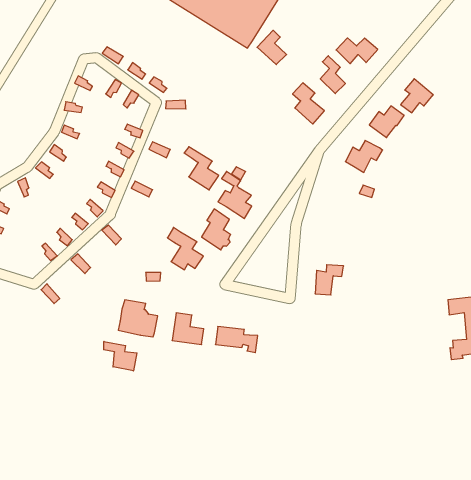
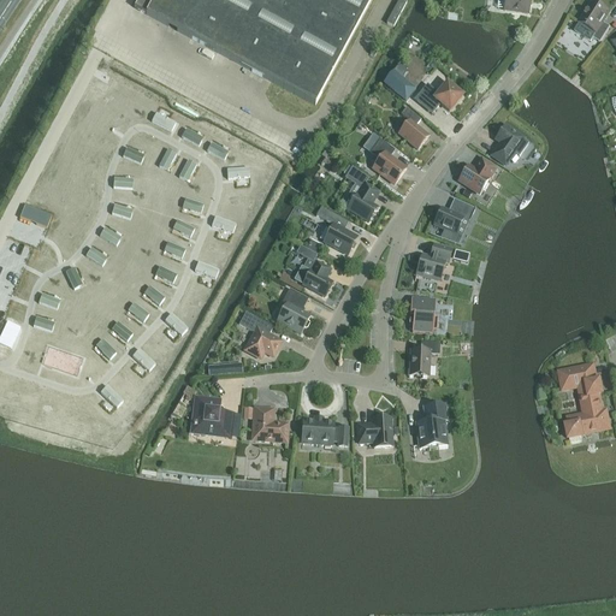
building: [257,30,287,65] -> [381,61,415,100]
building: none -> [343,165,378,220]
building: [184,147,219,190] -> [315,206,356,253]
building: none -> [415,243,451,279]
building: none -> [408,296,437,332]
building: none -> [415,402,446,448]
building: none -> [357,416,391,446]
building: [104,341,137,371] -> none

